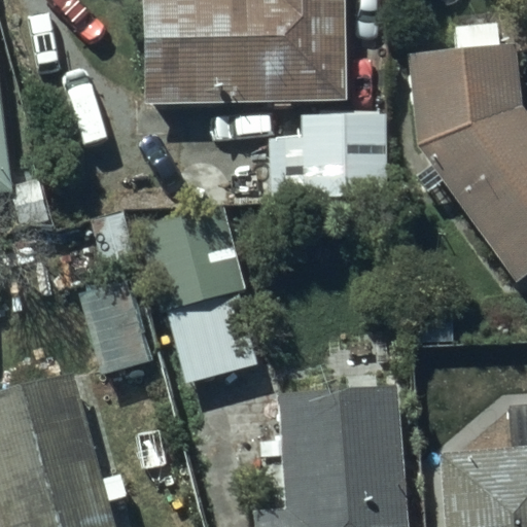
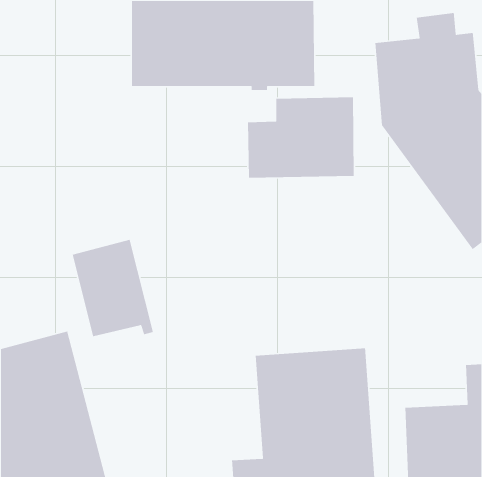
building: [137,202,256,382] -> none

